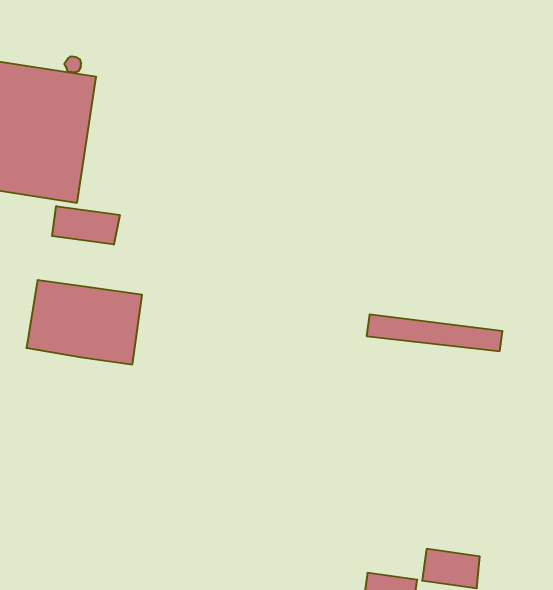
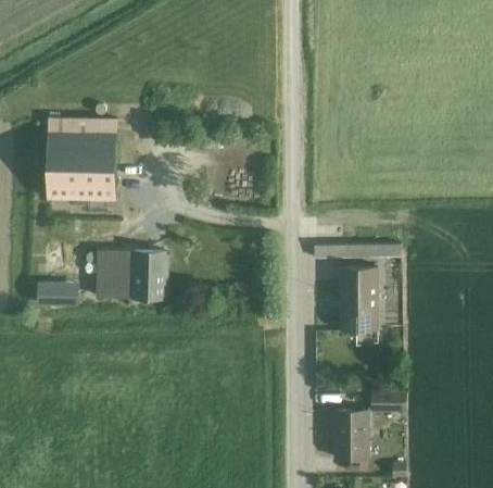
building: [52,206,120,245] -> none
building: none -> [340,266,378,331]

